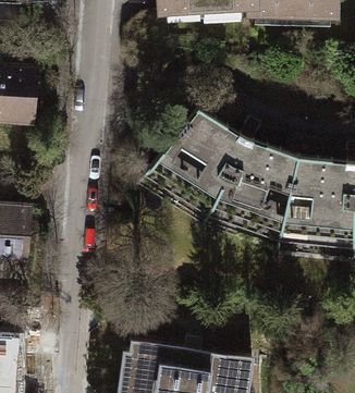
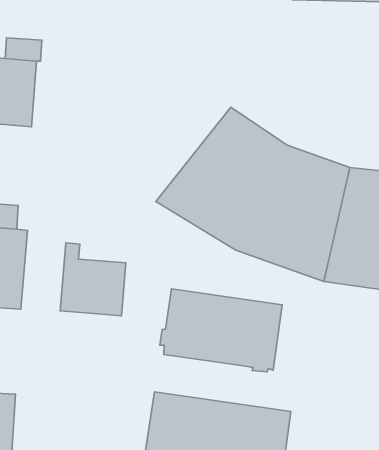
building: none -> [60,243,126,316]
building: none -> [160,289,282,372]

